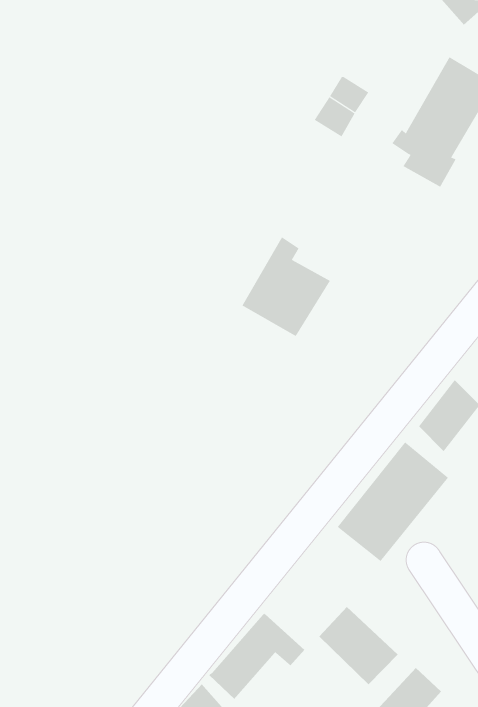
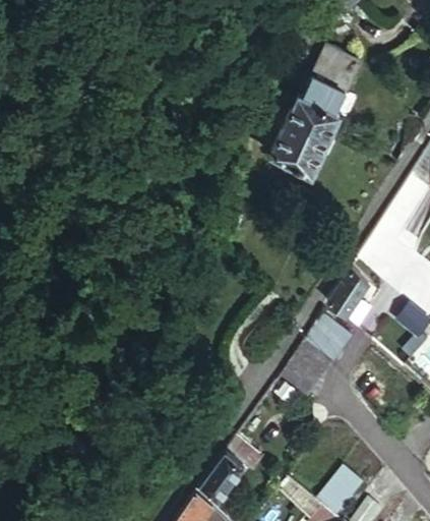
building: [241,237,331,337] -> [270,108,330,176]
building: [318,606,398,685] -> none

